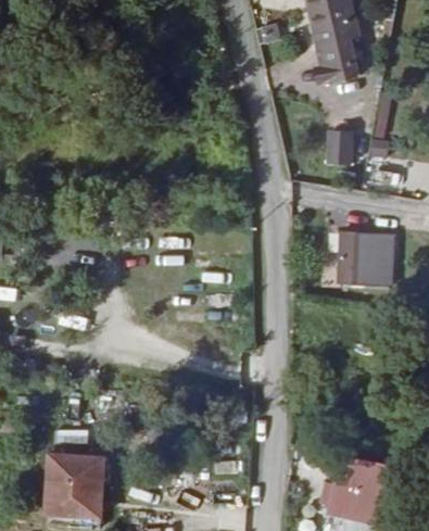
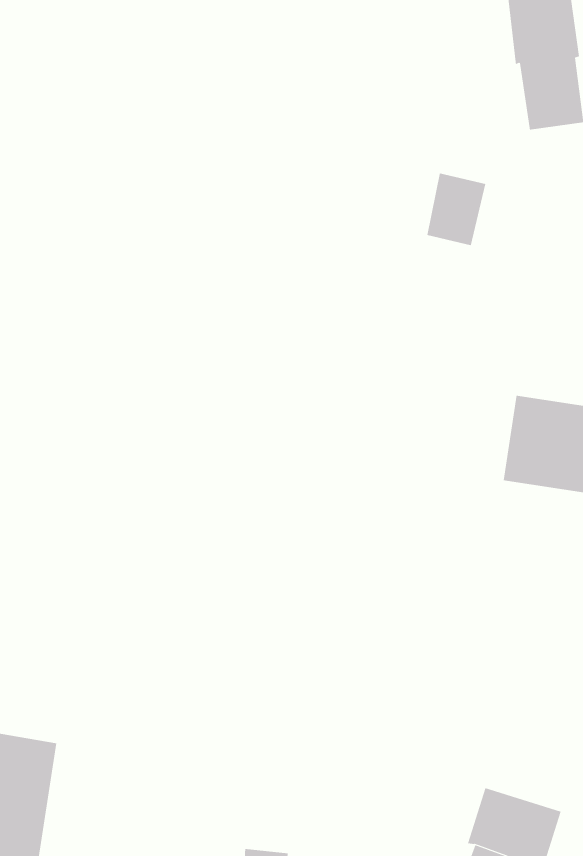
building: [324,127,354,166] -> [426,173,486,246]

